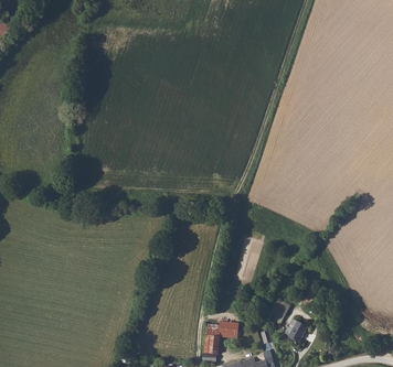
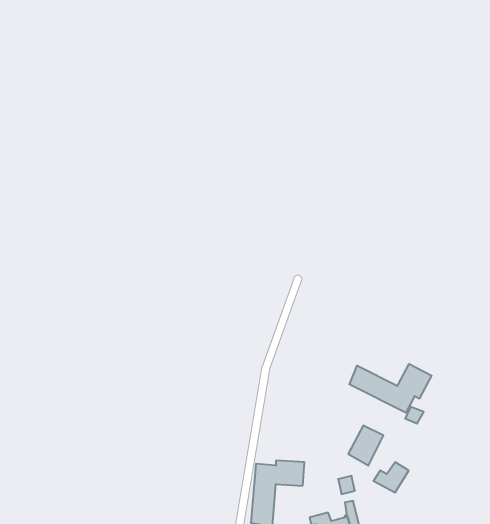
building: none -> [349,364,432,413]

